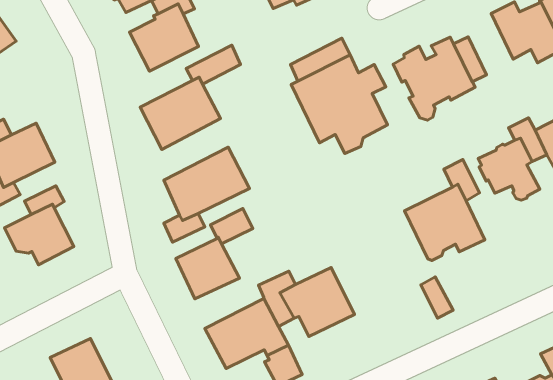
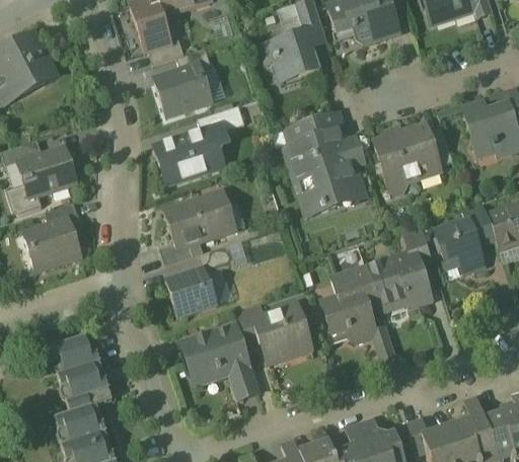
building: none -> [323,265,381,340]

